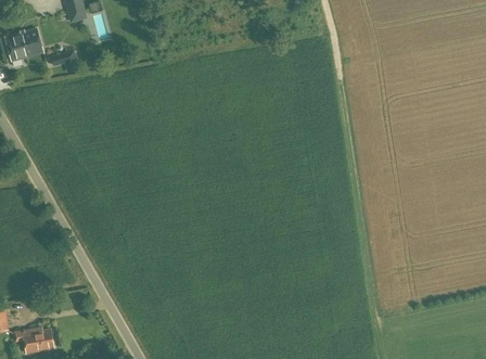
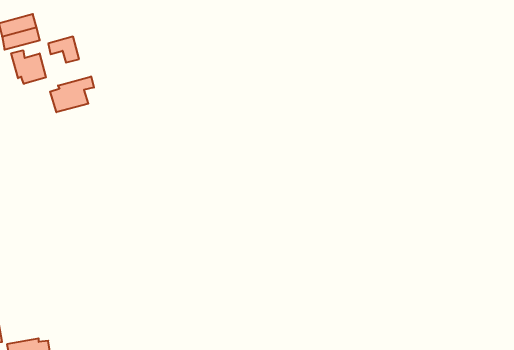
building: none -> [11,50,46,84]
building: none -> [50,76,94,112]

